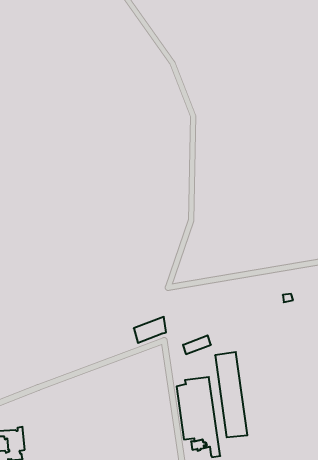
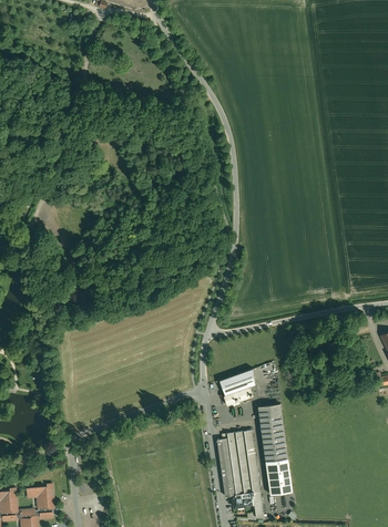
building: [134,317,166,343] -> [219,369,254,396]

